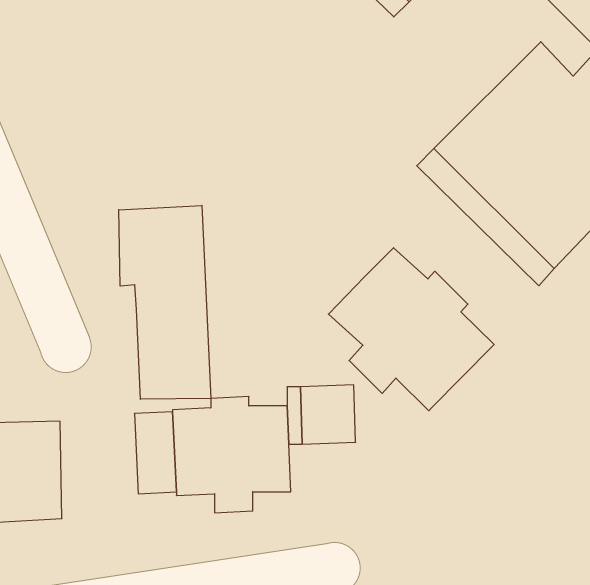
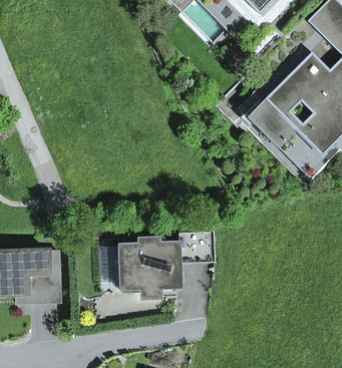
building: [119,205,211,399] -> none
building: [328,248,494,411] -> none

